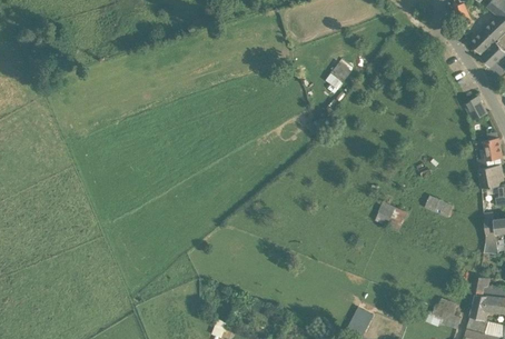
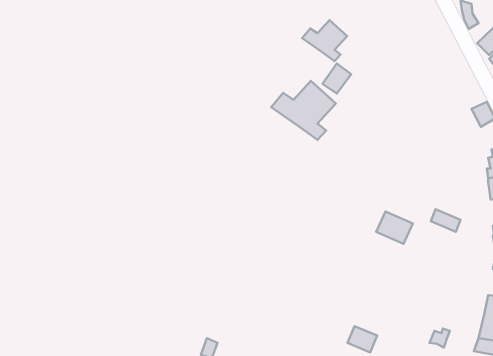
building: none -> [302,20,347,61]
building: none -> [271,81,336,140]

